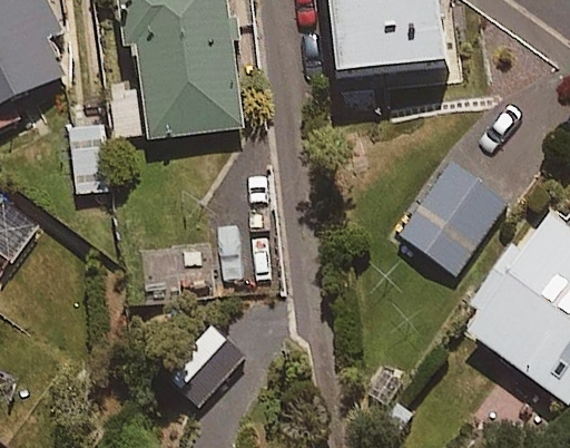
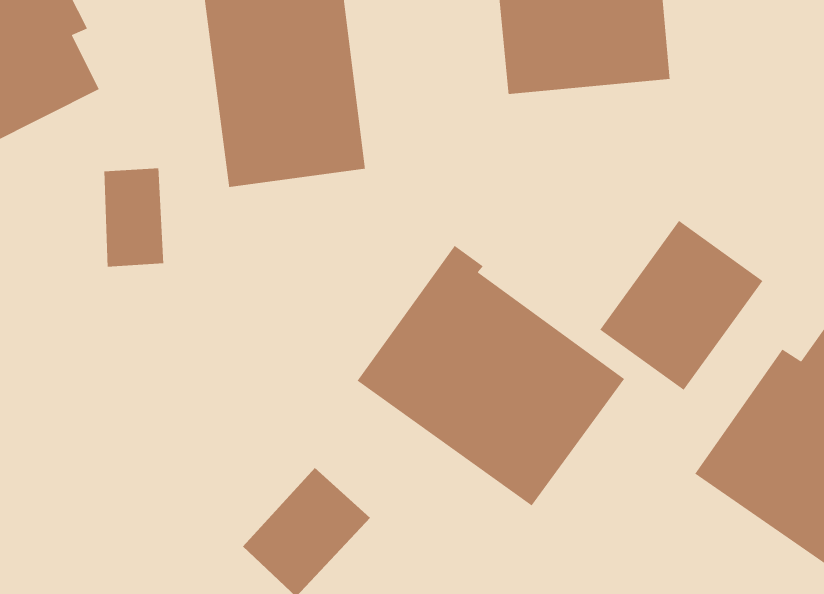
building: none -> [356,245,625,506]

